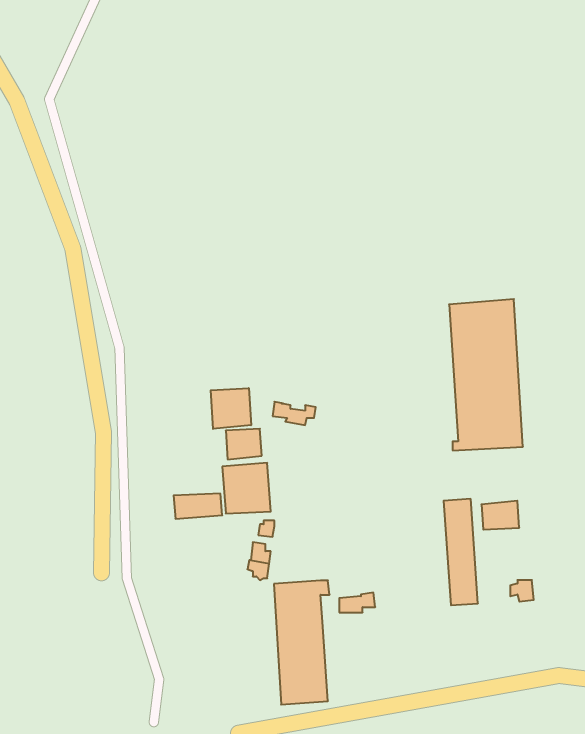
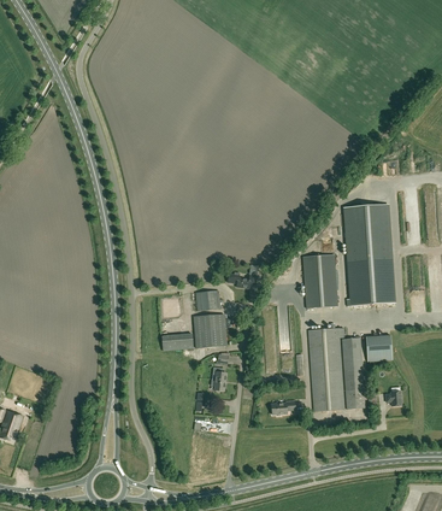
building: none -> [302,253,337,307]
building: [211,388,251,429] -> none
building: [274,580,330,705] -> [307,328,344,411]

